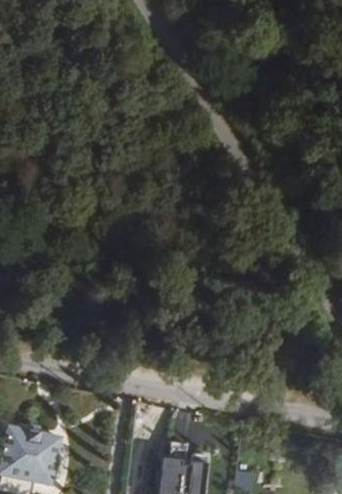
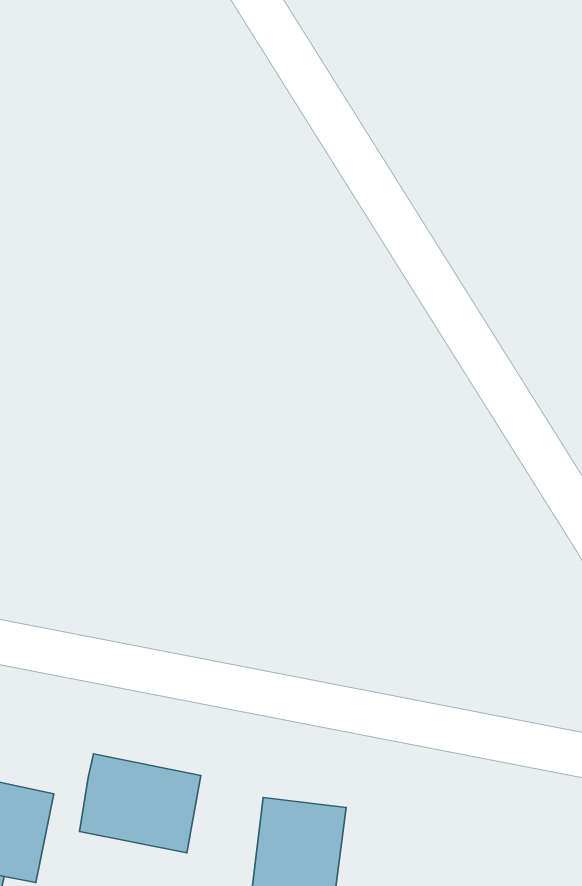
building: none -> [79,754,201,853]

